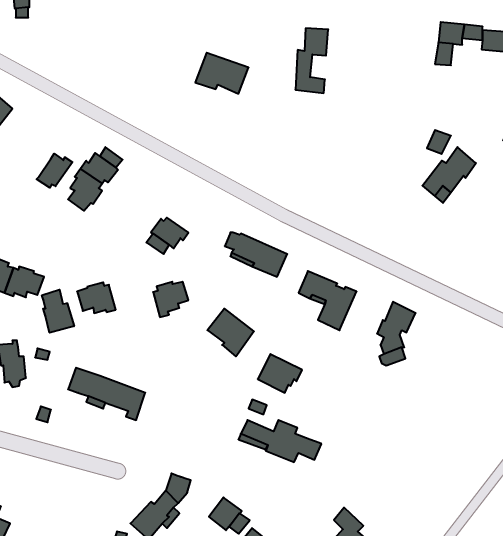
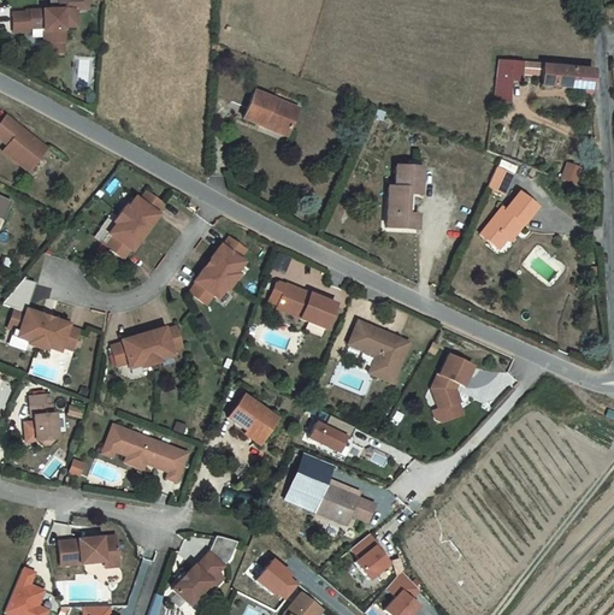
building: [295,28,328,93] -> [390,165,425,233]
building: [37,154,72,188] -> none
building: none -> [211,236,246,280]
building: [153,282,188,317] -> [149,325,187,362]
building: [42,290,74,333] -> none
building: [207,309,254,356] -> [229,397,278,448]
building: none -> [57,533,117,563]
building: none -> [352,533,390,579]

